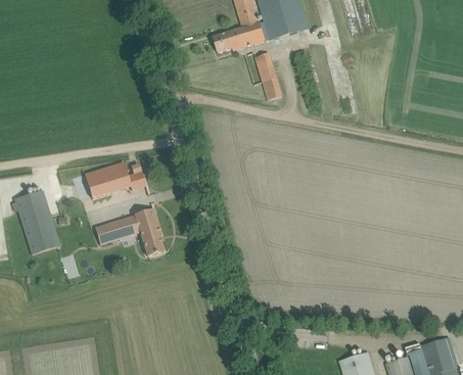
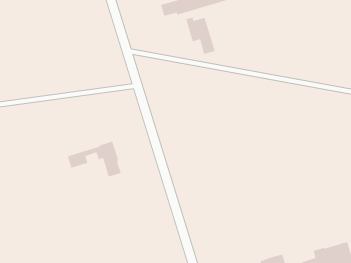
building: [85,162,146,198] -> none
building: [15,190,60,254] -> none

